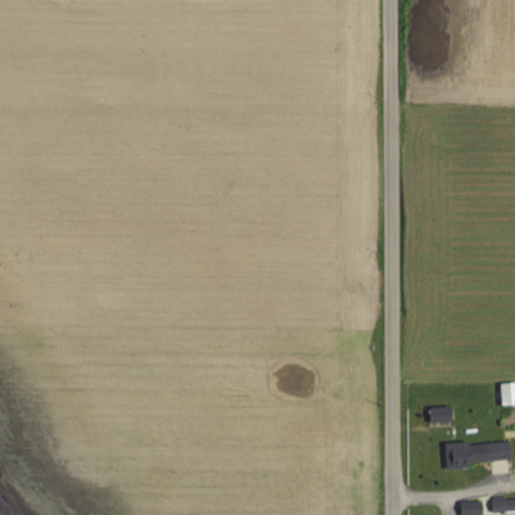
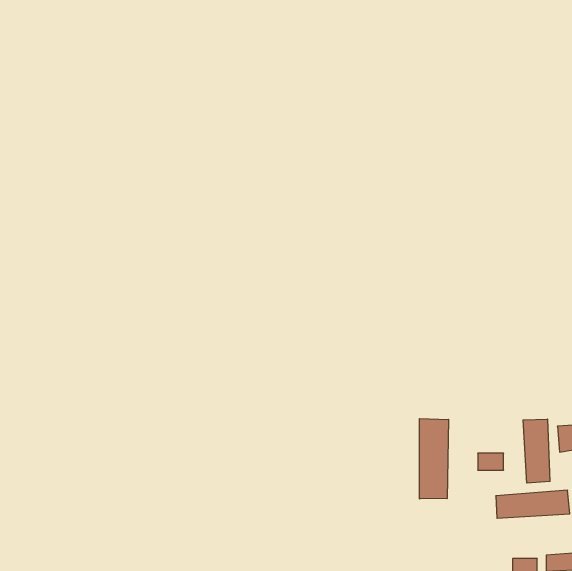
building: none -> [420,419,449,499]
building: none -> [523,419,550,483]

